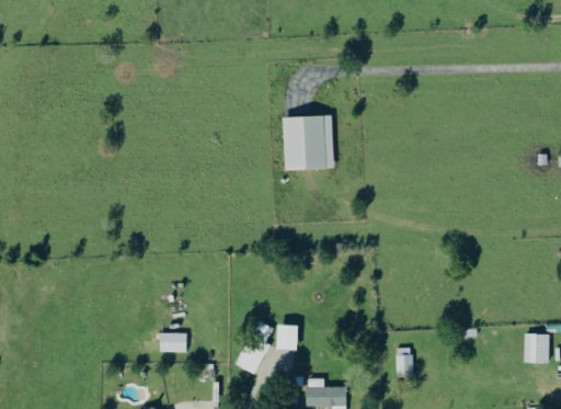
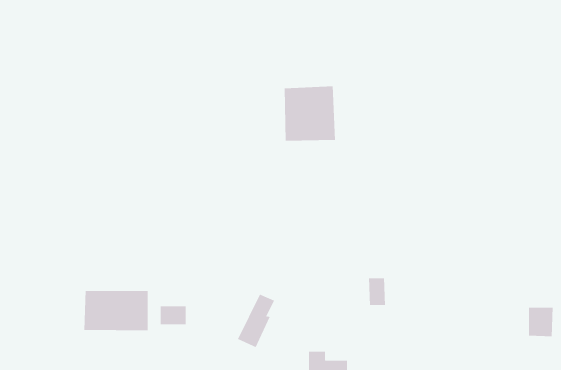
building: none -> [84,290,148,331]
building: [275,325,297,350] -> none
building: [394,348,412,375] -> [368,278,386,306]

